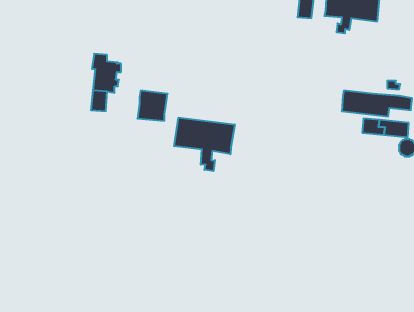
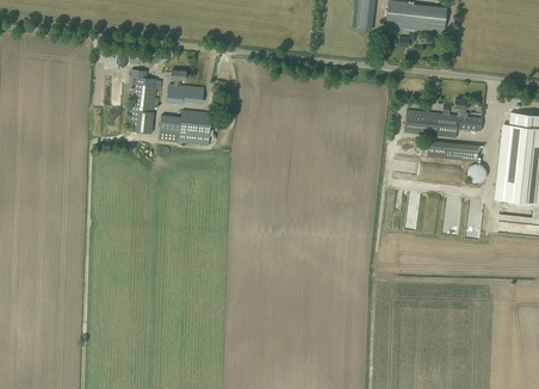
building: none -> [168,68,204,103]
building: none -> [160,113,182,141]
building: [174,118,235,171] -> none

